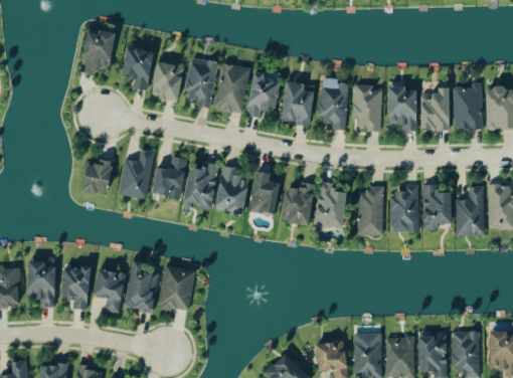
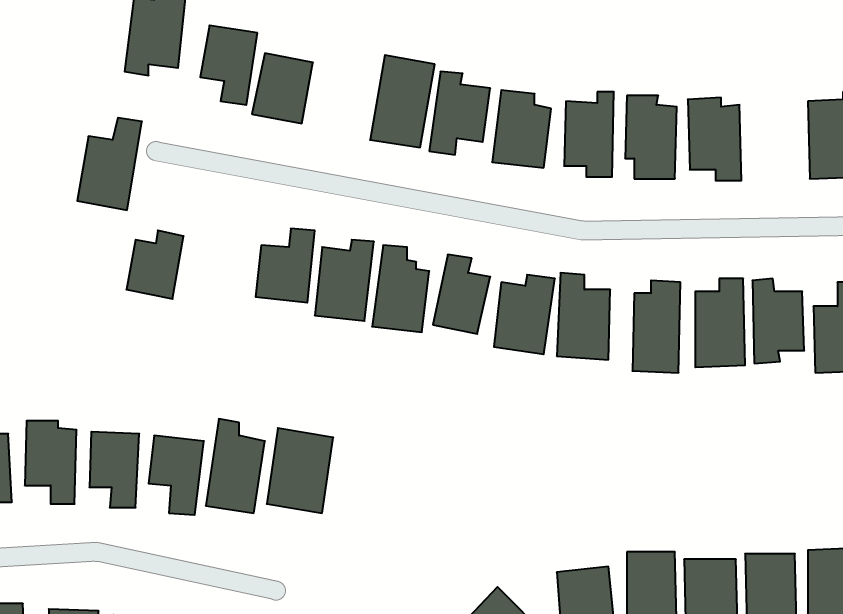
building: [184,56,217,108] -> none
building: [420,86,450,129] -> none
building: [119,149,154,199] -> [77,118,142,210]

